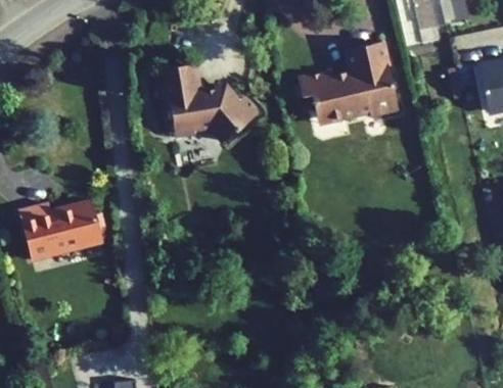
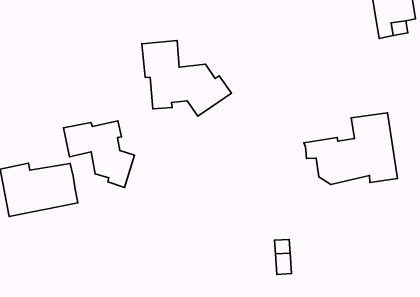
building: [299,42,400,122] -> [304,113,397,185]
building: none -> [64,121,134,187]

